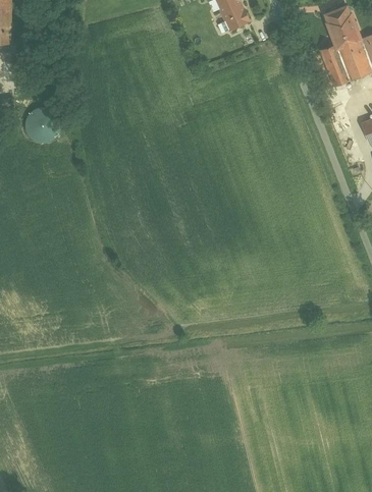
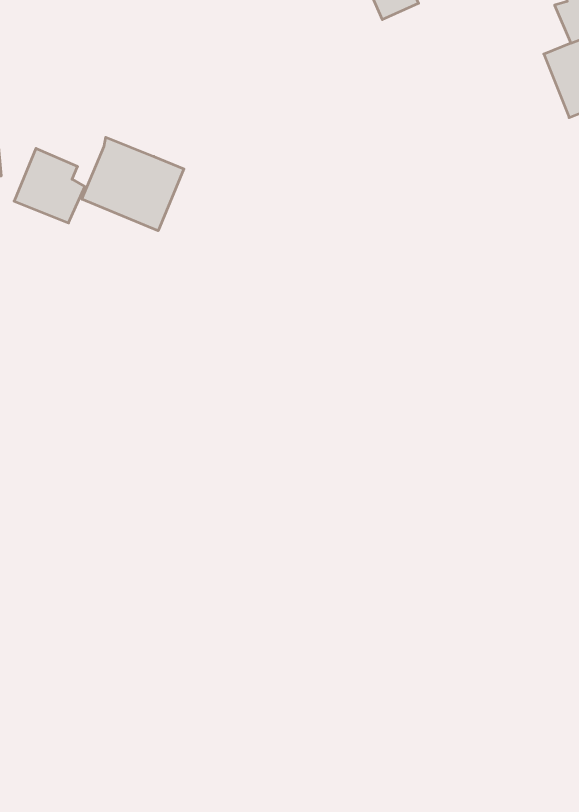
building: none -> [82,137,184,231]

